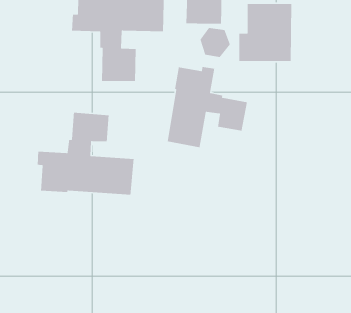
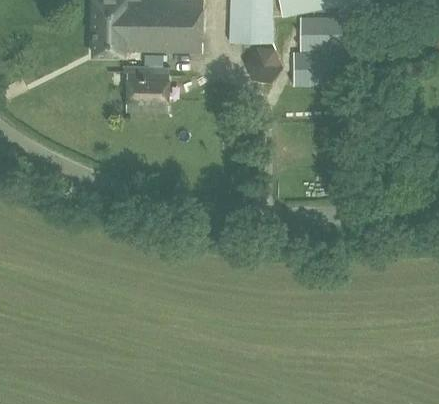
building: [167,66,248,148] -> none
building: [37,112,134,195] -> none

